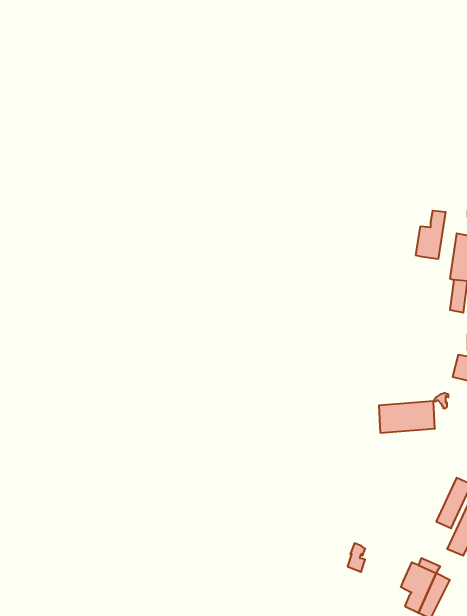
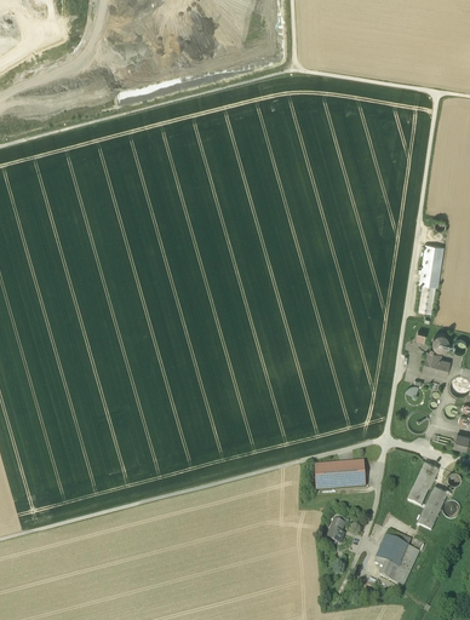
building: [416,211,446,259] -> none
building: [379,401,435,433] -> [315,460,365,488]

